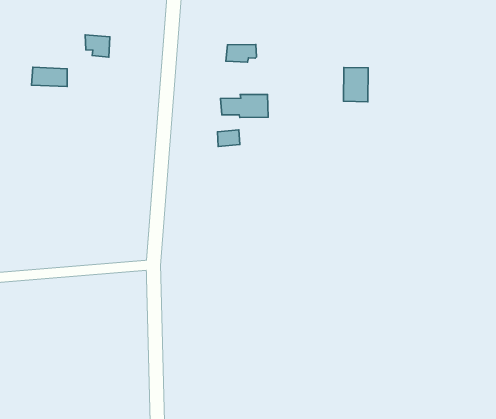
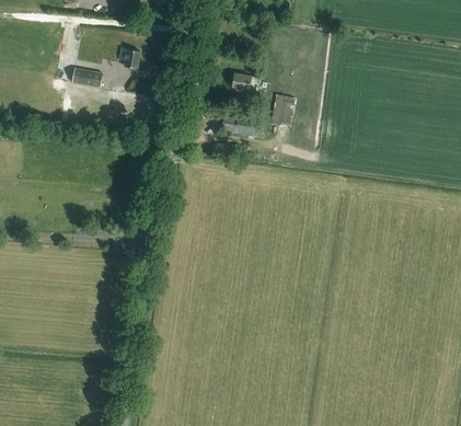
building: [343,67,368,102] -> [270,94,295,125]

